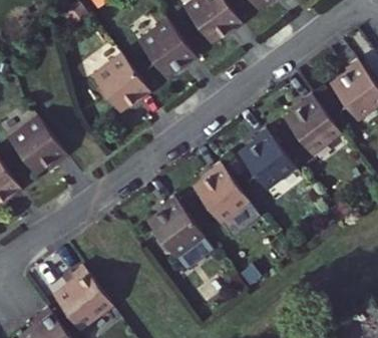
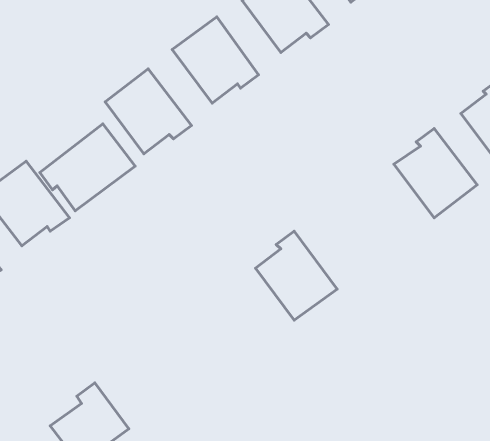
building: none -> [40,124,135,211]
building: [239,128,294,189] -> none
building: [147,196,214,270] -> none

